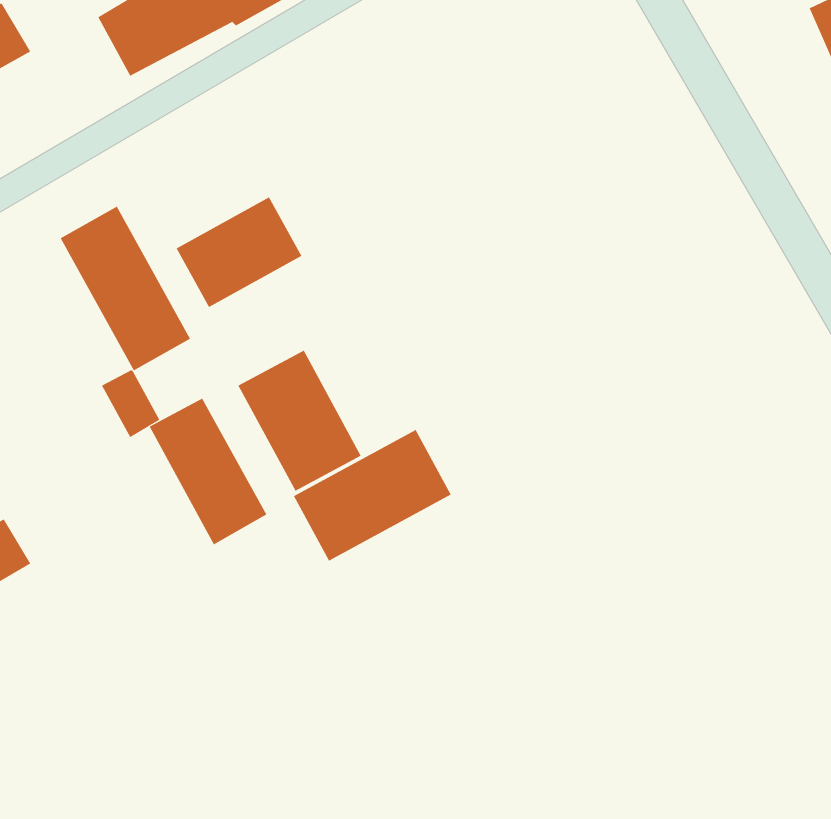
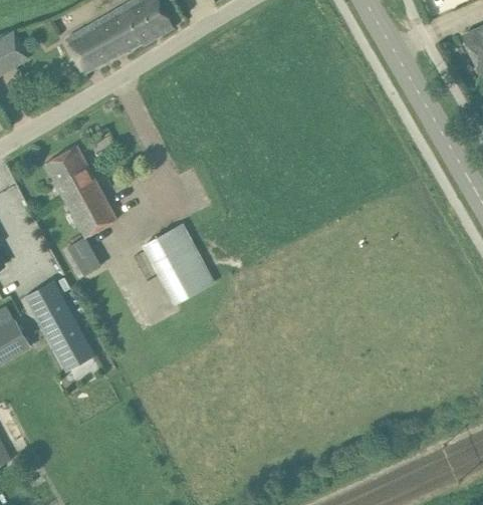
building: [176,197,302,308] -> none
building: [149,398,267,545] -> [25,282,91,364]
building: [293,429,452,561] -> none

